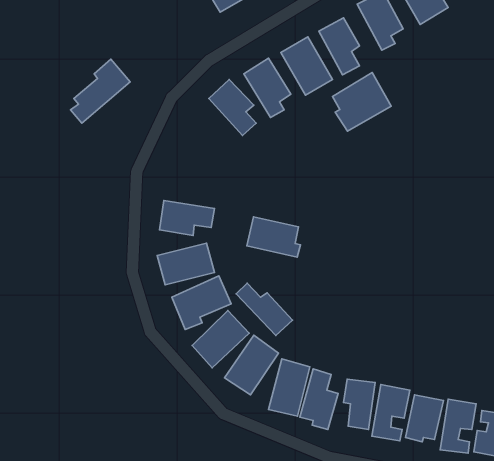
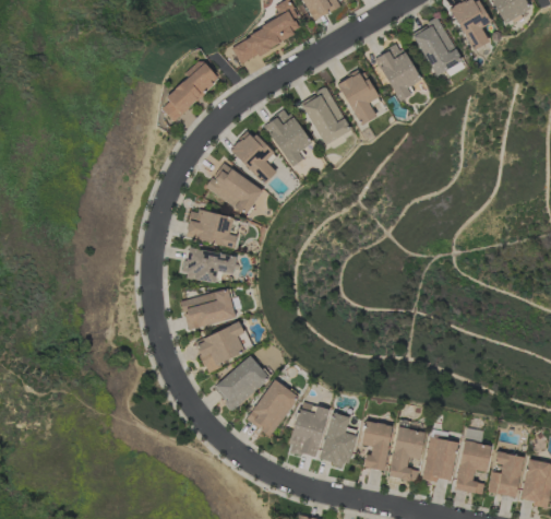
building: [71,59,130,123] -> [163,58,220,120]
building: [332,72,391,131] -> none
building: none -> [206,162,263,214]
building: [247,217,301,257] -> [185,208,238,247]
building: [236,283,292,336] -> none

